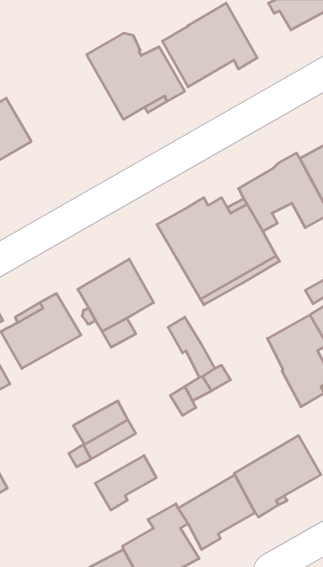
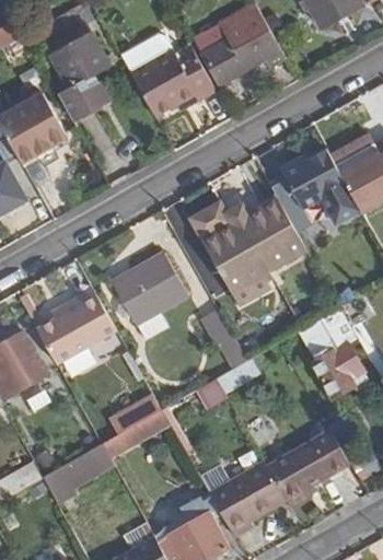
building: none -> [45,26,109,119]
building: [95,455,156,510] -> [42,451,102,504]

